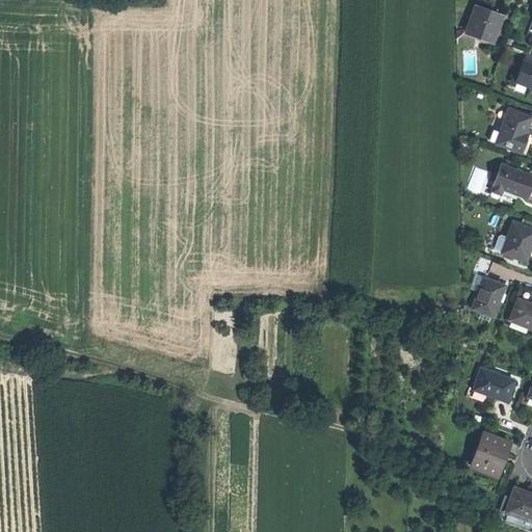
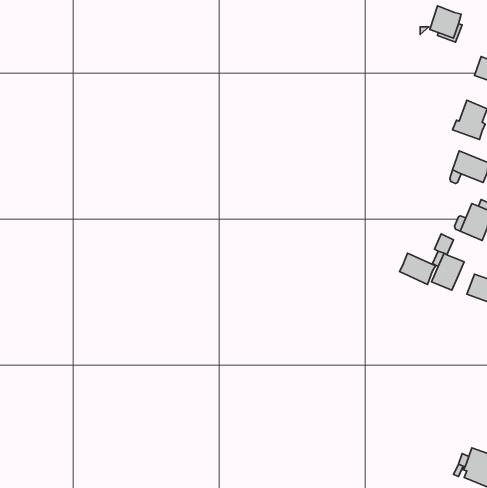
building: none -> [400,253,435,284]
building: [474,368,514,401] -> none
building: [472,432,510,475] -> none

